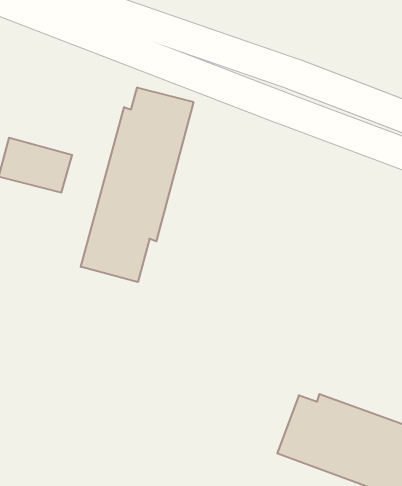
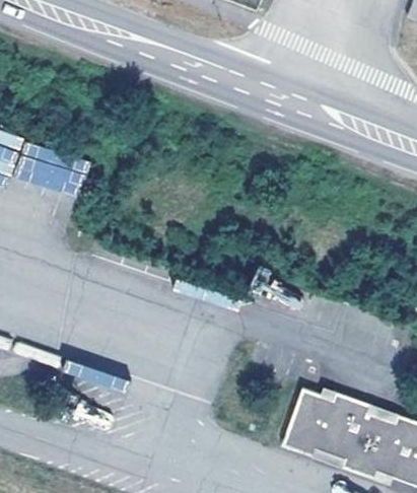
building: [81,87,193,282] -> none

